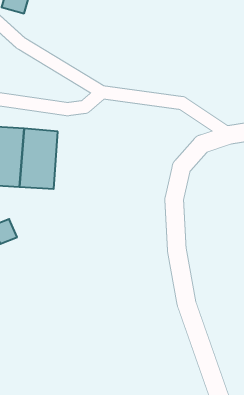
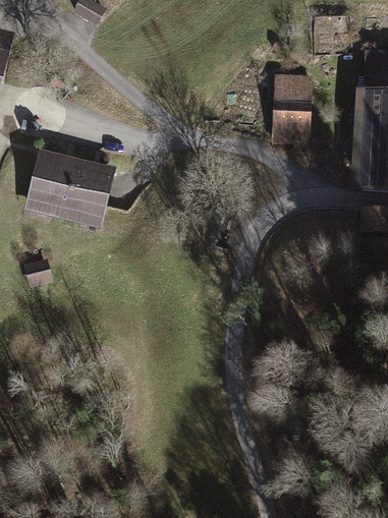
building: none -> [271,73,309,143]

